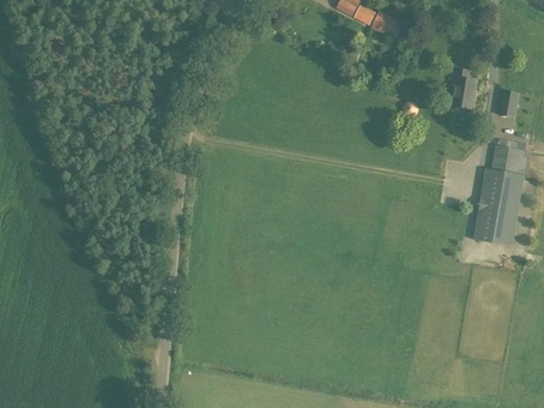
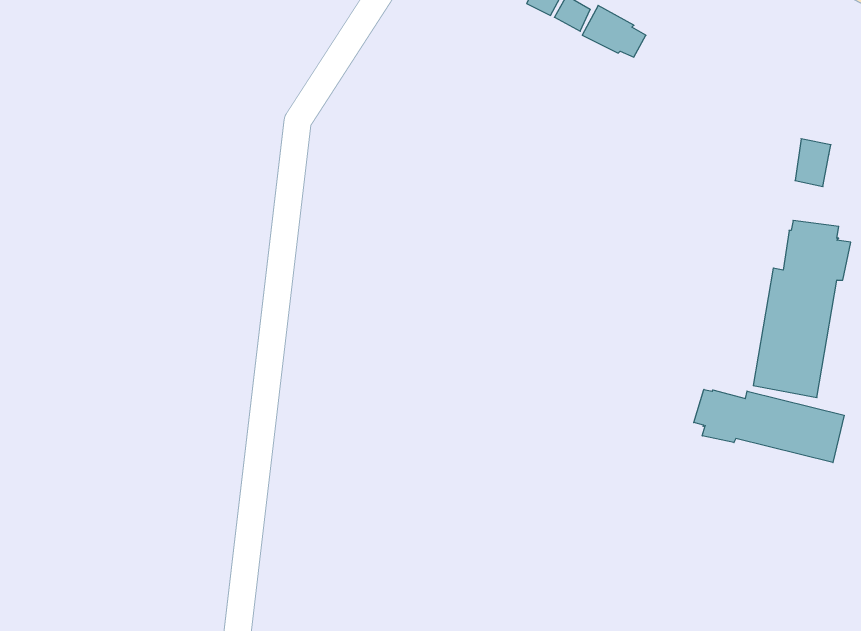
building: [449,68,477,110] -> none
building: none -> [694,389,844,463]

